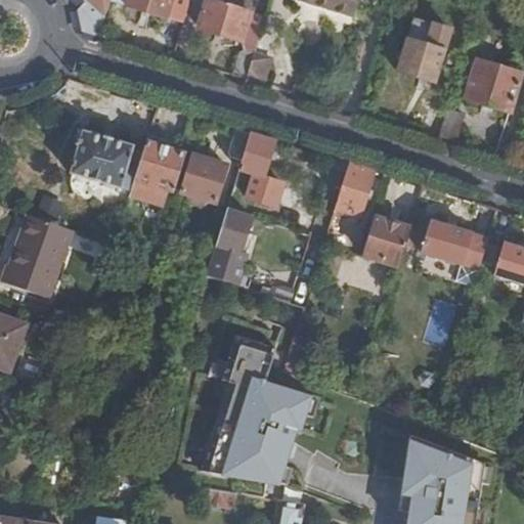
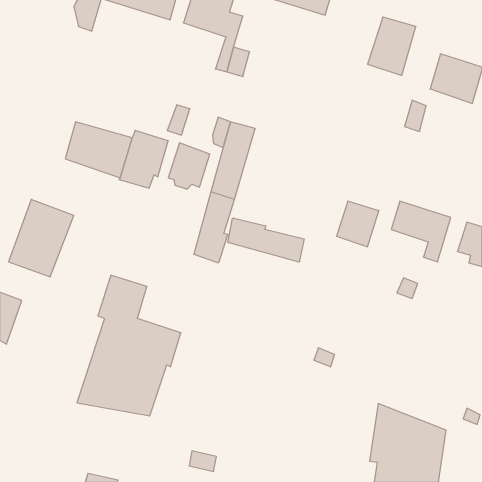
building: [336,162,373,214] -> none
building: none -> [228,218,304,262]
building: [198,336,310,488] -> [77,275,181,416]

